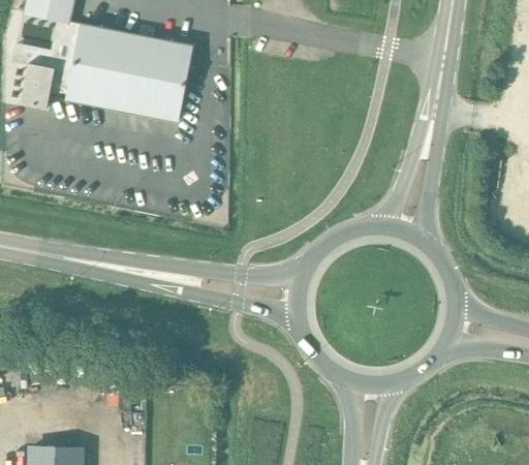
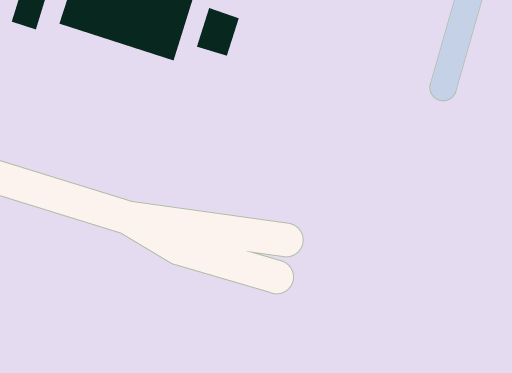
building: none -> [196,7,240,57]

